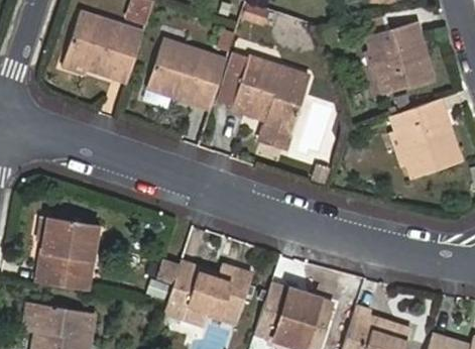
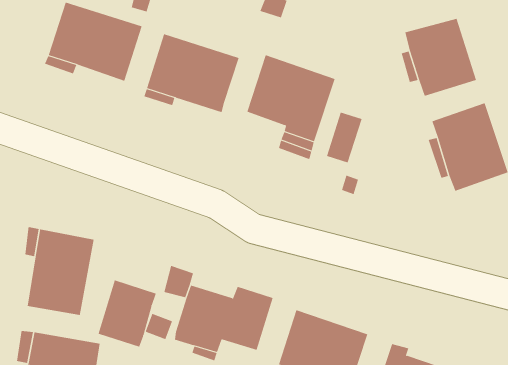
building: [213,53,248,110] -> none
building: none -> [98,279,156,348]

